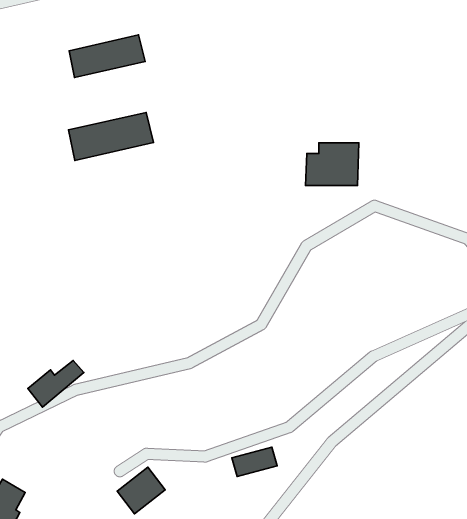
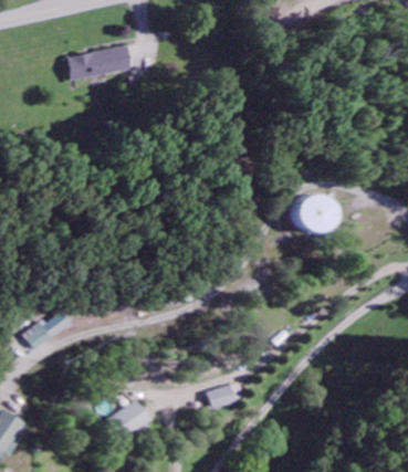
building: [69,113,154,160] -> none
building: [305,143,359,185] -> [296,196,341,231]

